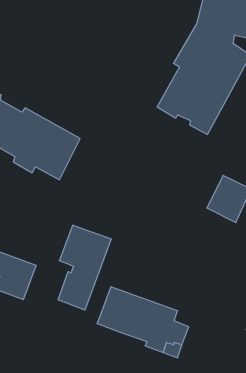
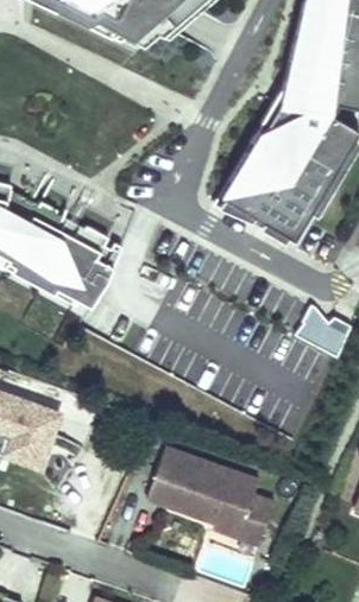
building: [58,225,111,310] -> none

